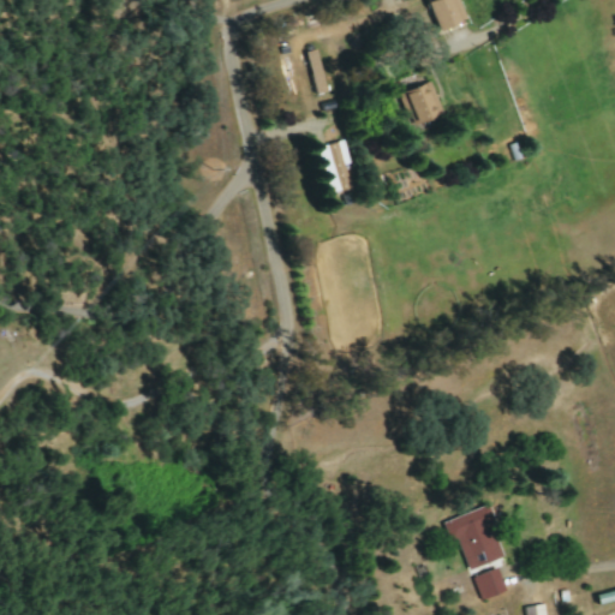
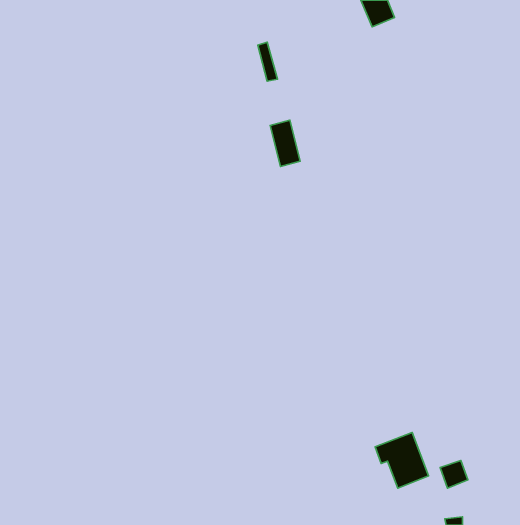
building: [407,83,443,124] -> none
building: [476,568,508,601] -> [440,460,468,488]

